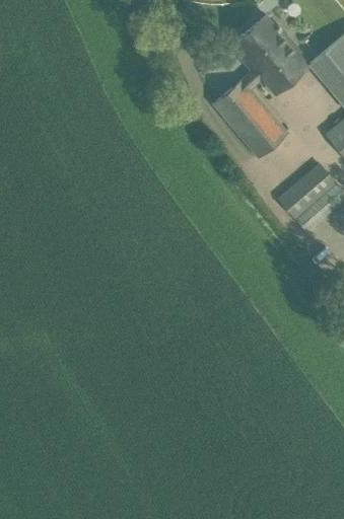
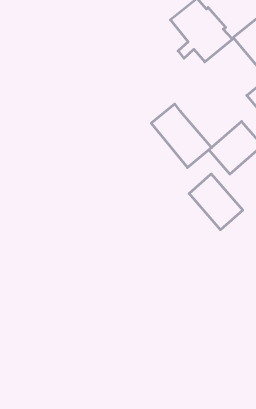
building: [213,80,286,157] -> [151,104,212,168]
building: none -> [189,174,243,230]

